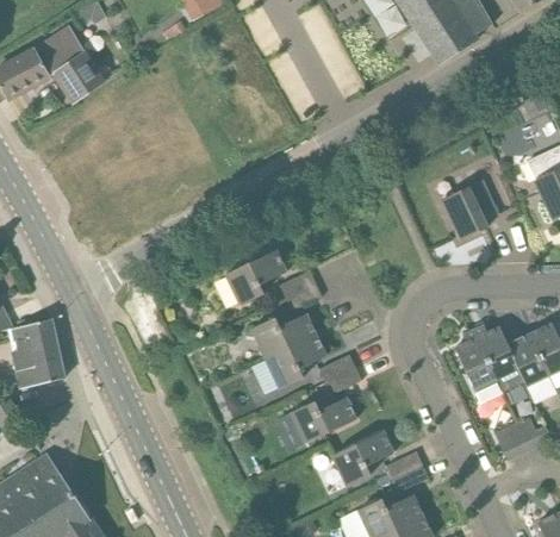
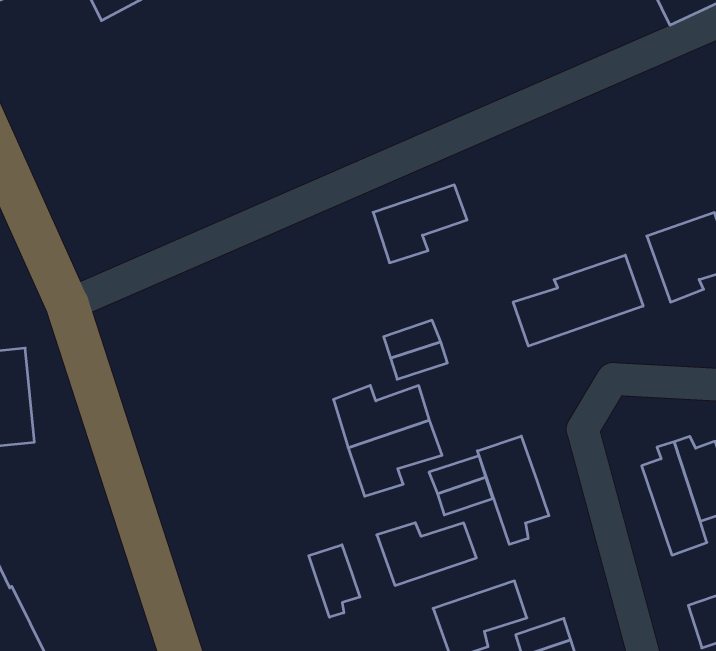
building: none -> [513,255,643,346]
building: [225,250,286,305] -> [373,185,467,263]
building: none -> [477,436,549,544]
building: none -> [309,545,360,617]

